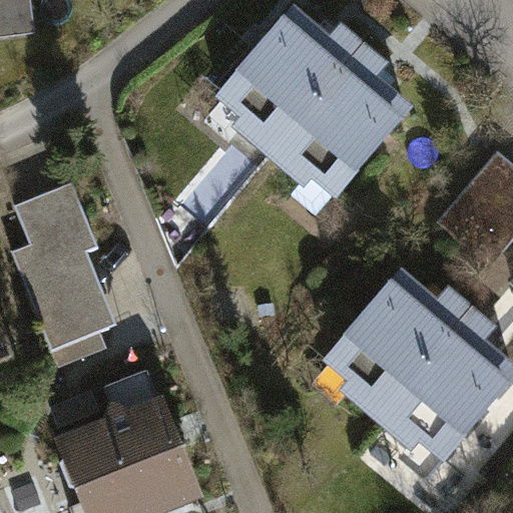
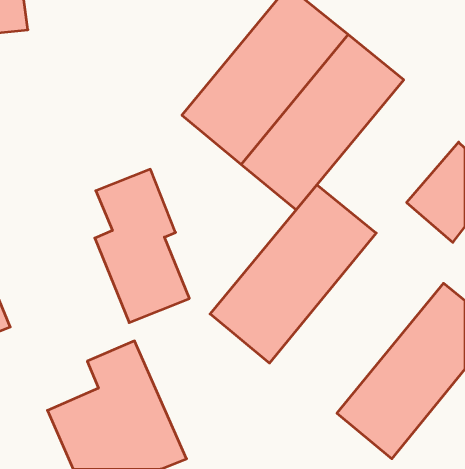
building: [10,178,112,344] -> [95,169,189,323]
building: [300,253,479,446] -> [210,185,376,363]

